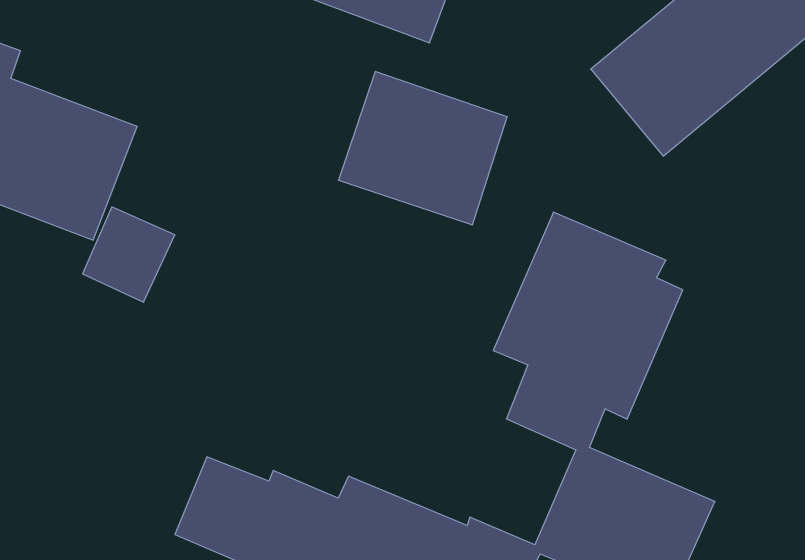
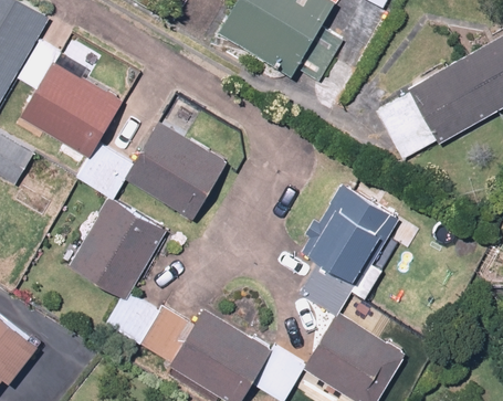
building: [338,72,507,225] -> [127,123,226,215]
building: none -> [70,199,161,297]

